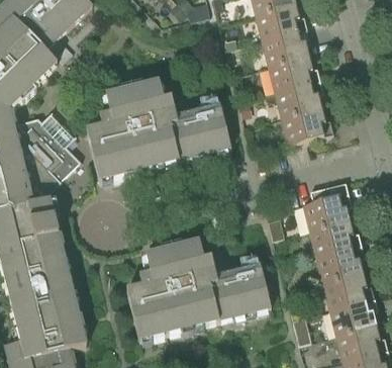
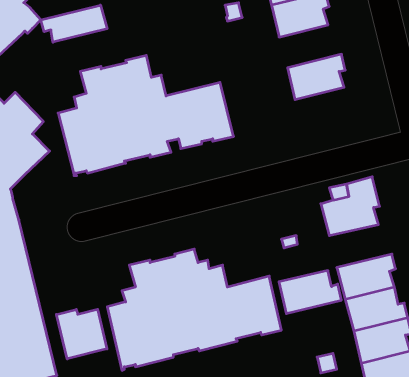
building: none -> [41,5,107,42]
building: [268,56,319,91] -> none
building: [281,107,332,145] -> none
building: [309,220,361,256] -> [279,271,341,314]
building: none -> [56,309,107,359]

